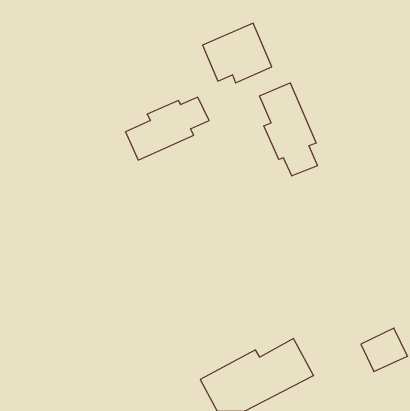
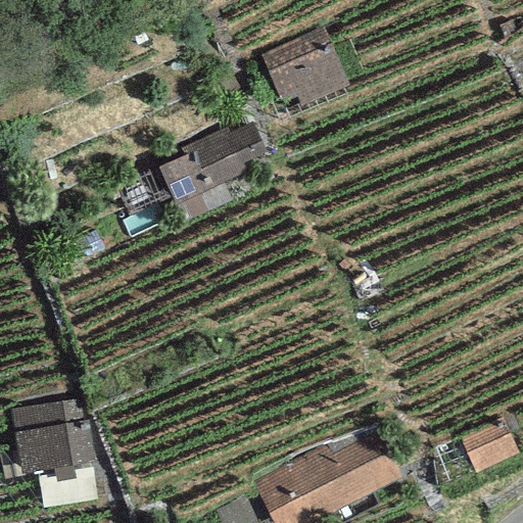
building: [260,83,318,176] -> none
building: none -> [12,400,89,471]

